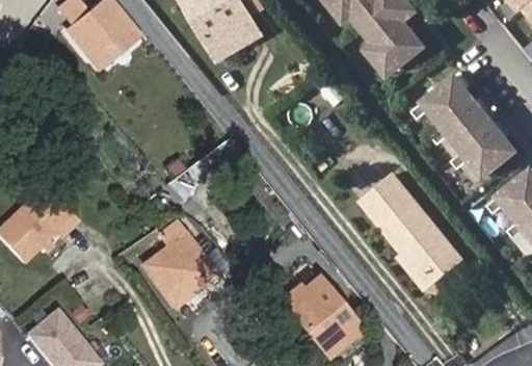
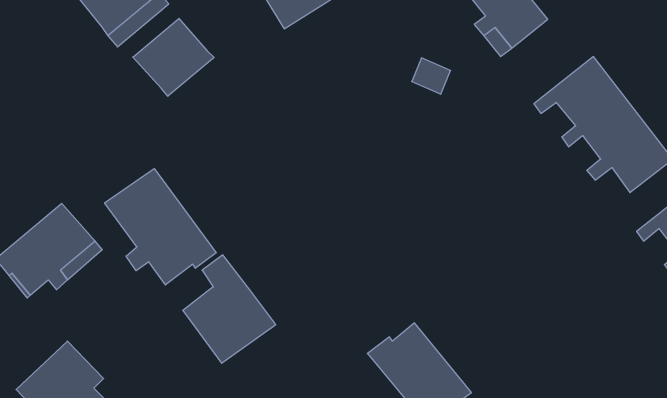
building: none -> [133,18,214,96]
building: none -> [105,169,216,285]
building: [356,173,453,276] -> none

